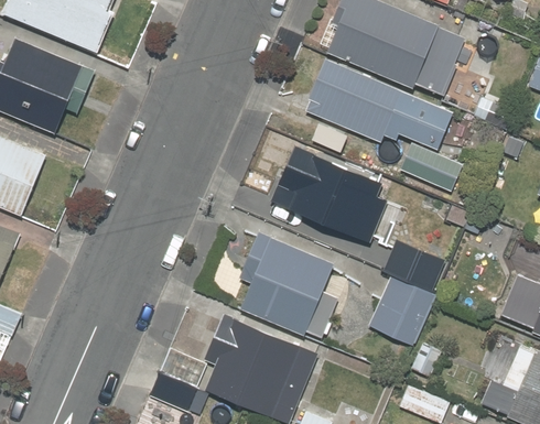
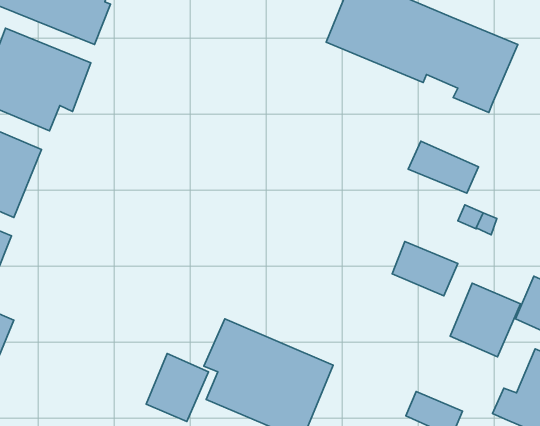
building: [302,57,452,148] -> none
building: [273,143,400,243] -> none
building: [238,232,337,338] -> none
building: [368,276,435,347] -> [450,283,521,357]

